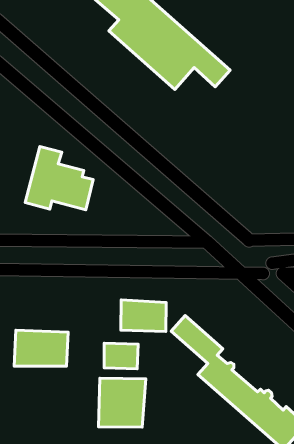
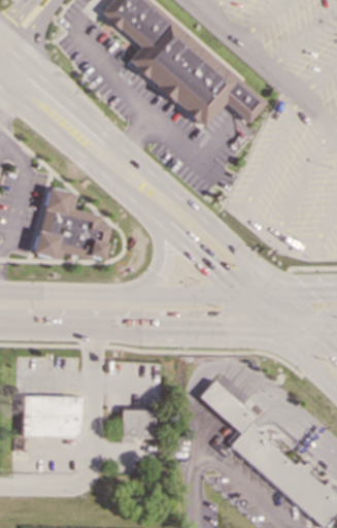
building: [121,300,166,331] -> none
building: [98,378,146,427] -> none

